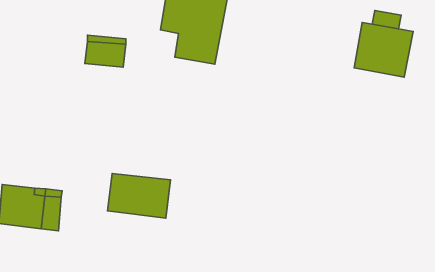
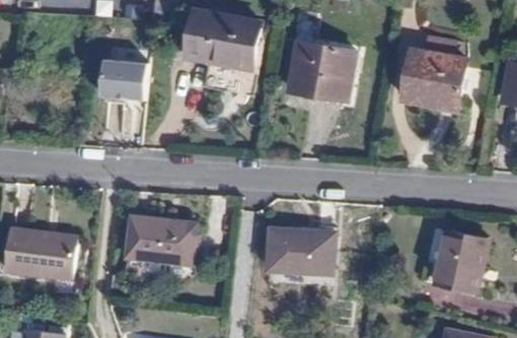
building: none -> [287,40,356,100]
building: none -> [267,228,335,276]
building: none -> [432,230,487,294]

